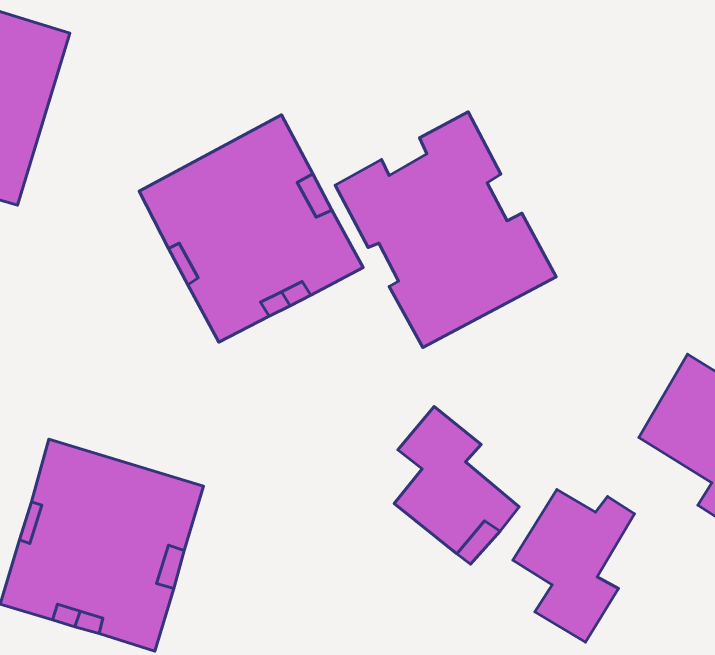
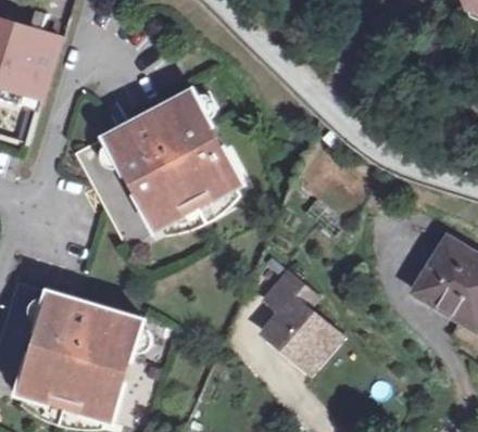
building: [335,112,556,348] -> none
building: [513,489,634,642] -> none

